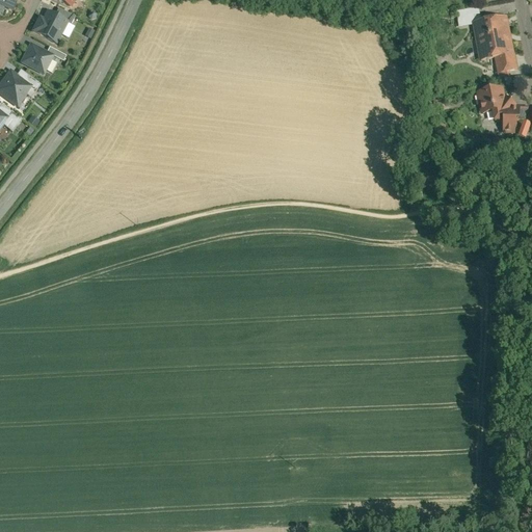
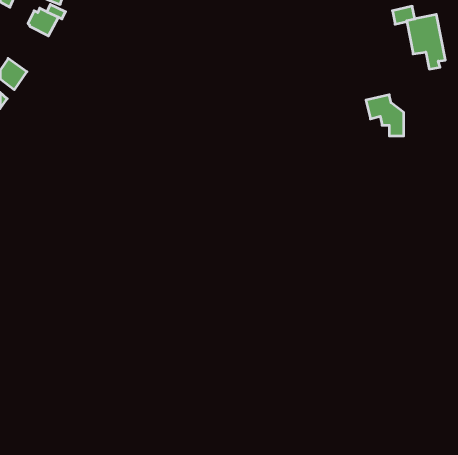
building: [21,41,55,72] -> none
building: [475,86,518,134] -> [366,95,404,136]

